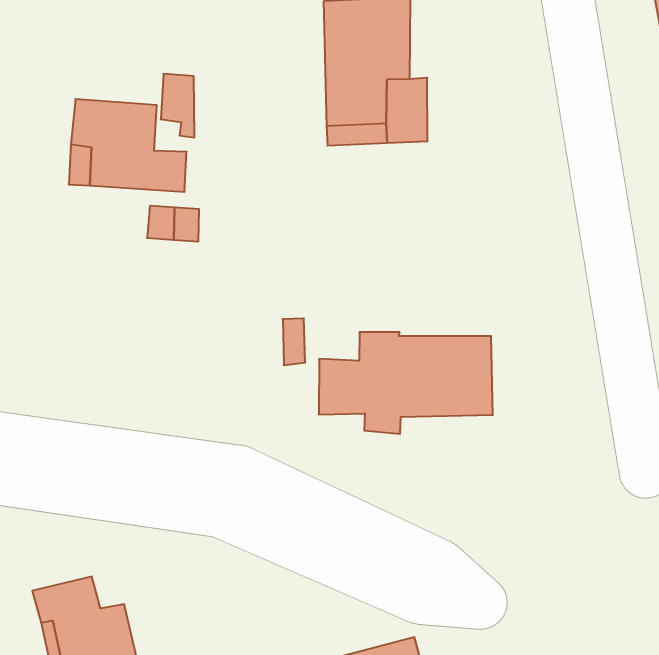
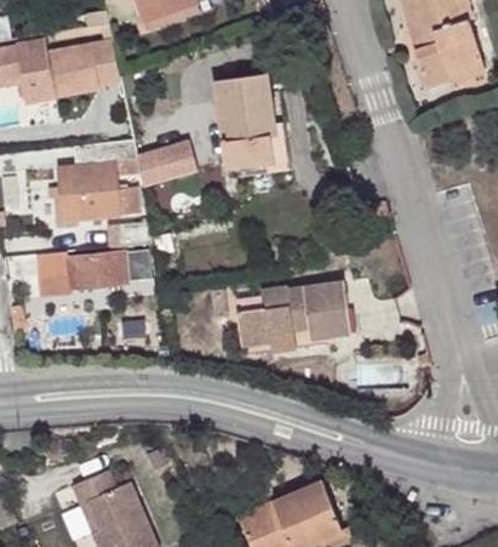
building: none -> [142,141,199,184]
building: none -> [36,252,149,289]

